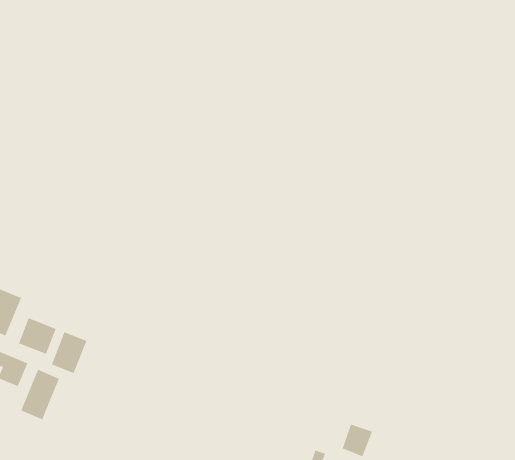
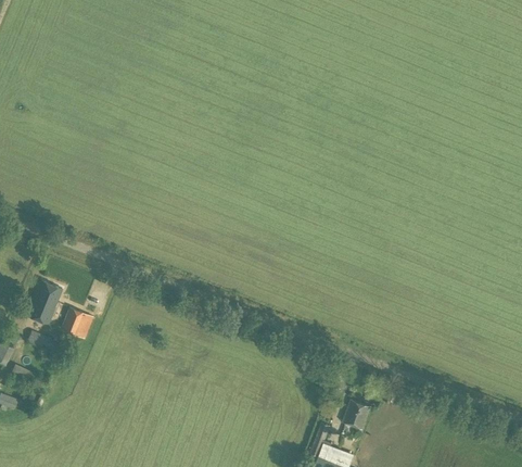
building: [51,332,87,374] -> none
building: [21,369,60,420] -> none

